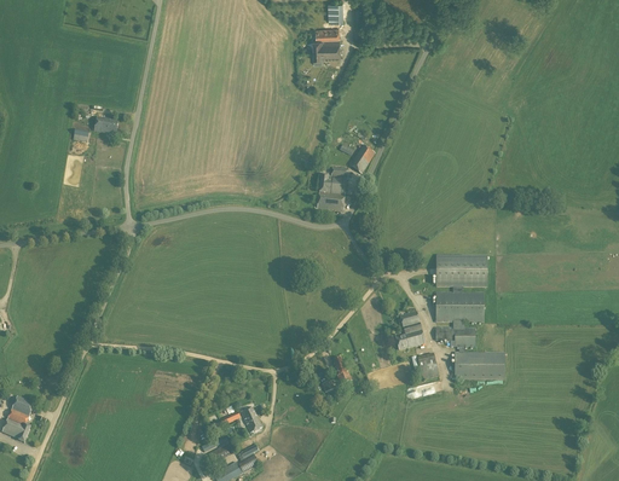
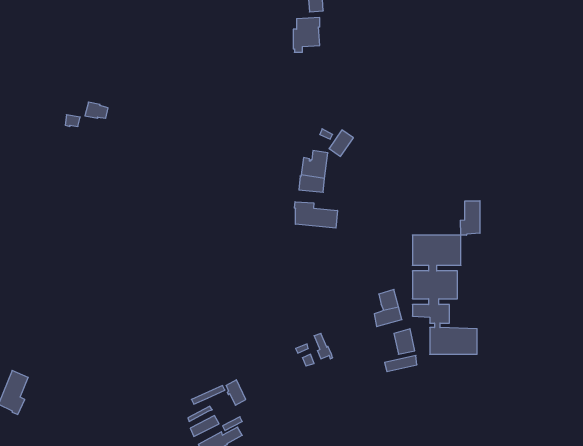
building: none -> [460,201,480,235]
building: none -> [294,202,337,228]

